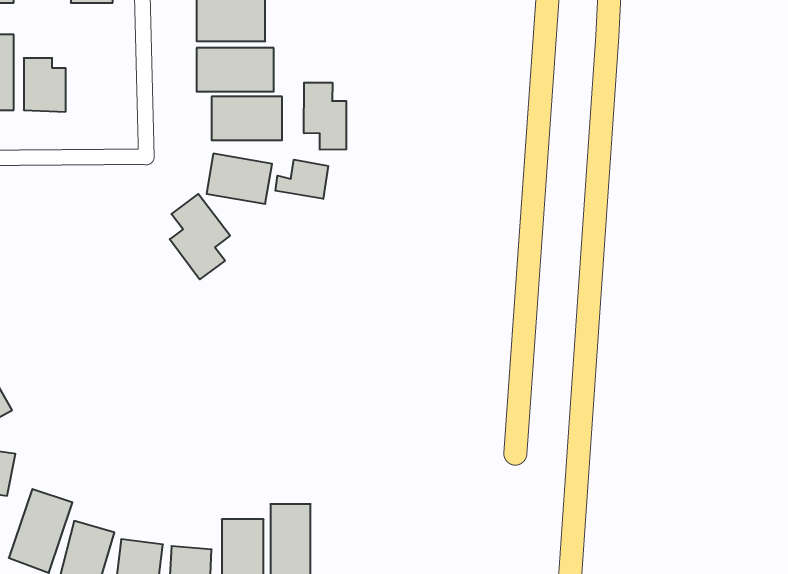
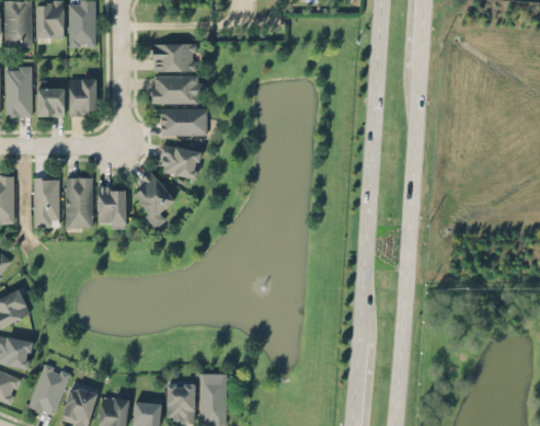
building: none -> [69,78,96,116]
building: [304,83,346,150] -> none
building: [275,160,328,199] -> none
building: none -> [34,177,60,227]
building: none -> [66,177,93,228]
building: none -> [99,186,126,228]

